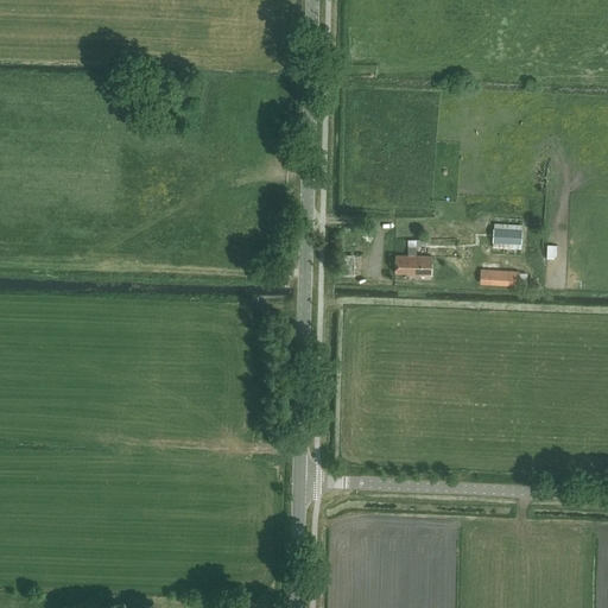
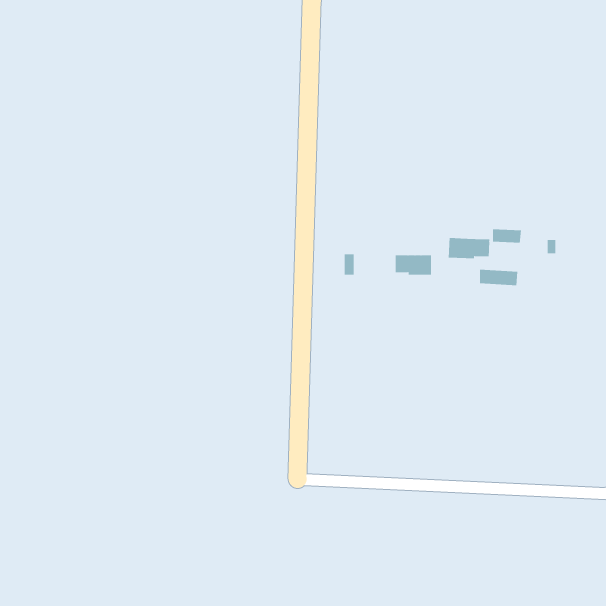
building: none -> [448,237,490,259]

